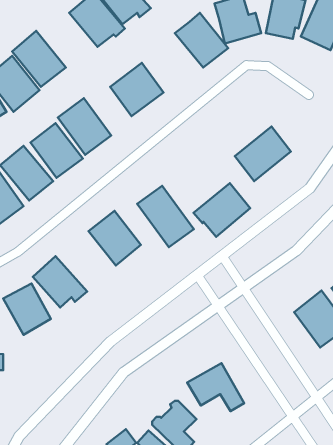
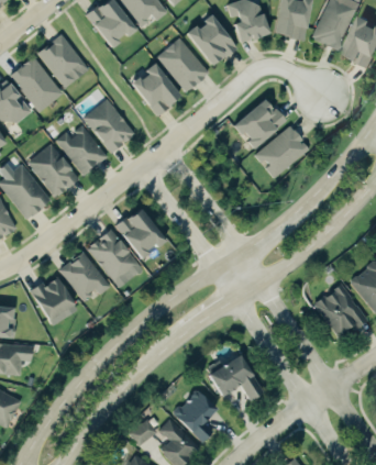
building: none -> [162,37,215,93]
building: [193,183,250,237] -> [229,97,284,148]
building: [137,186,194,247] -> [86,229,141,288]

